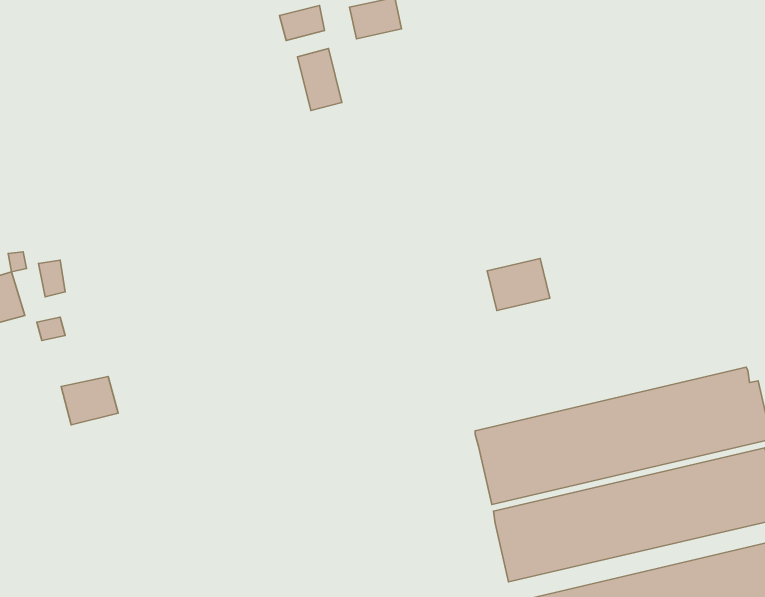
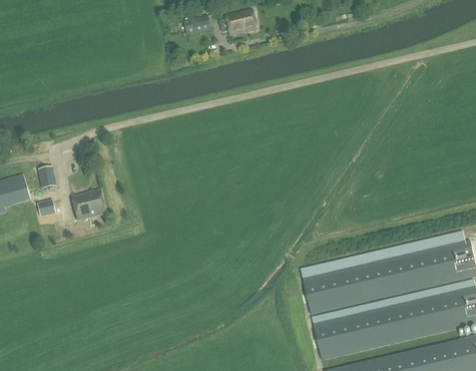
building: [297,48,342,111] -> none
building: [487,258,550,310] -> none
building: [61,376,118,425] -> [72,191,106,220]

